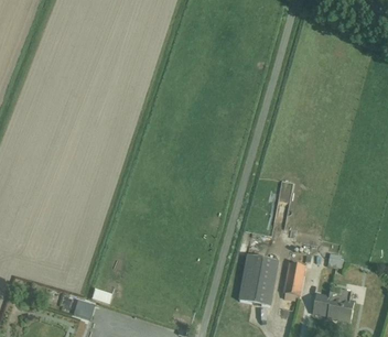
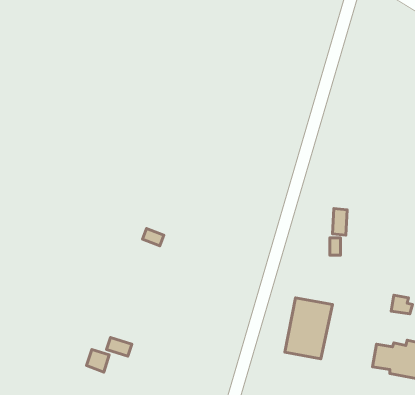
building: [283,262,305,300] -> none

